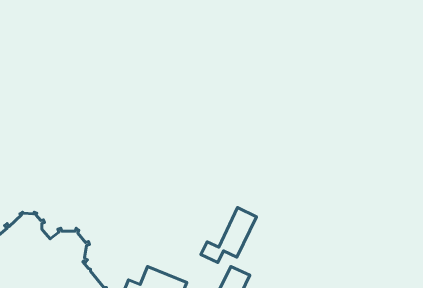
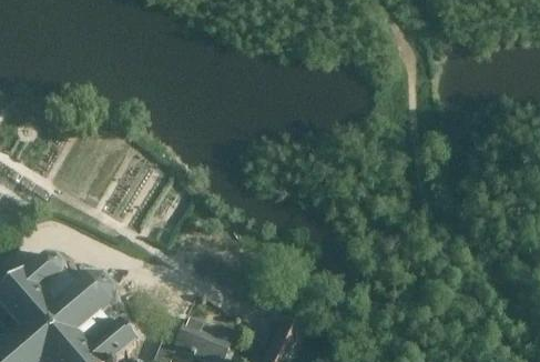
building: [201,208,256,263] -> none

